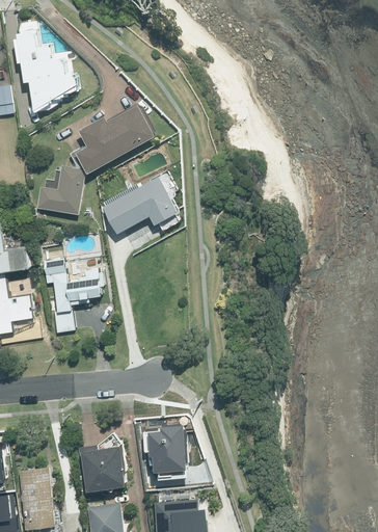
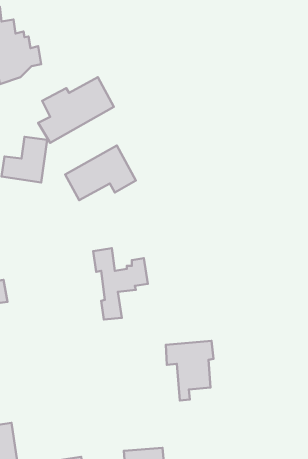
building: [44,259,101,334] -> [93,248,148,320]
building: [79,431,126,488] -> none
building: [141,433,191,496] -> [166,341,214,400]

